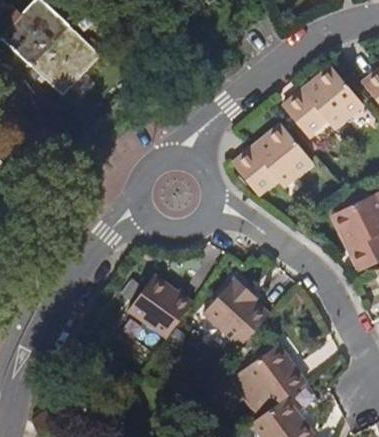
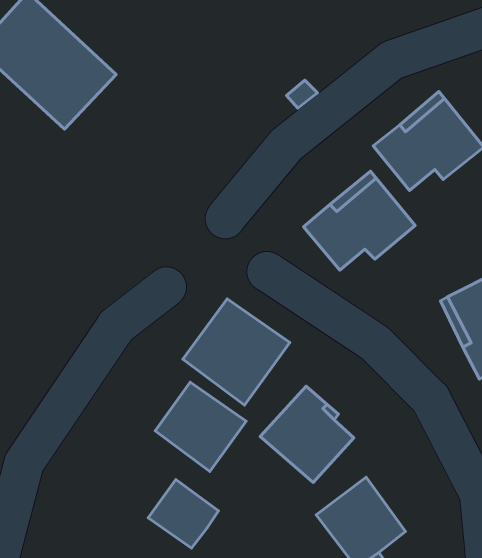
building: none -> [183,299,290,405]
building: none -> [148,480,218,548]

